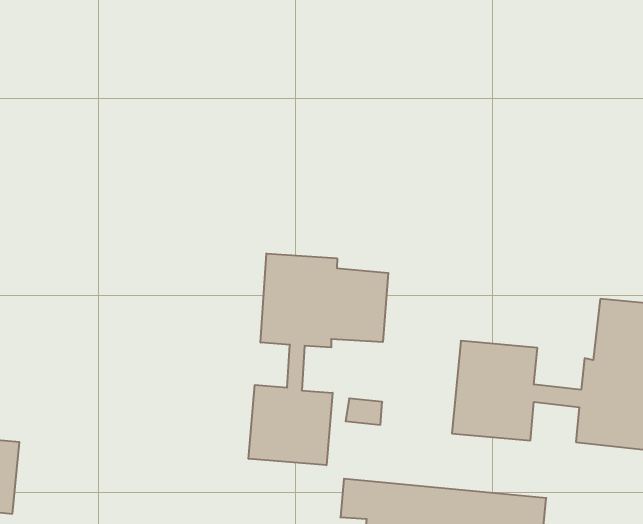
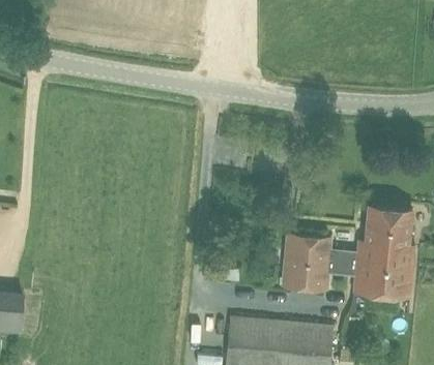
building: [249,253,388,465] -> none

